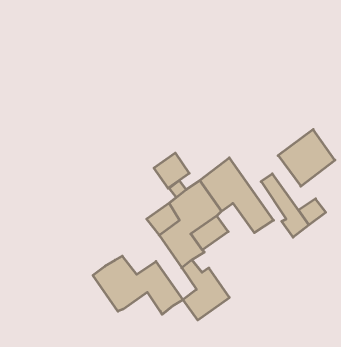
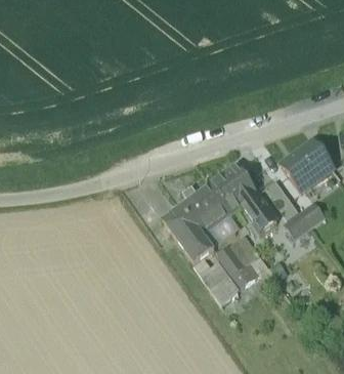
building: [154,153,189,188] -> none
building: none -> [215,236,267,288]
building: [93,256,183,314] -> none

